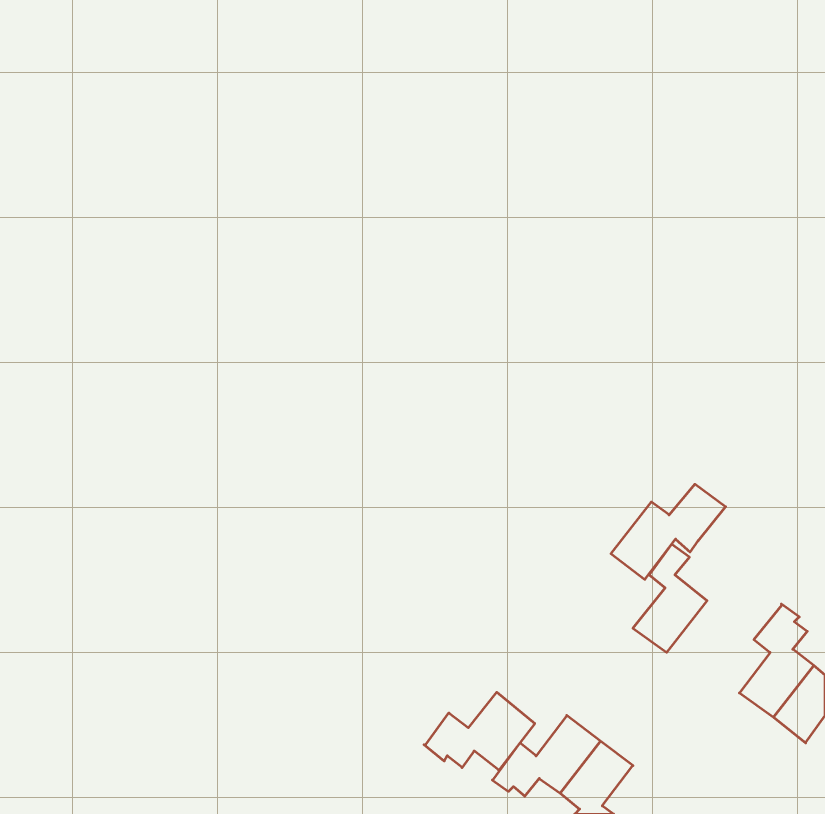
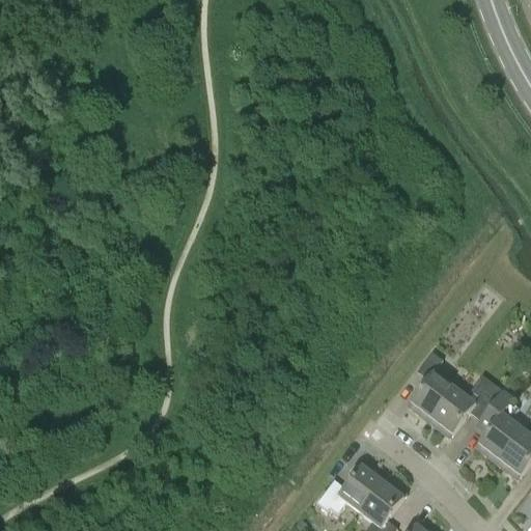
building: [611,484,726,579] -> [428,374,502,436]
building: [424,692,535,770] -> none

